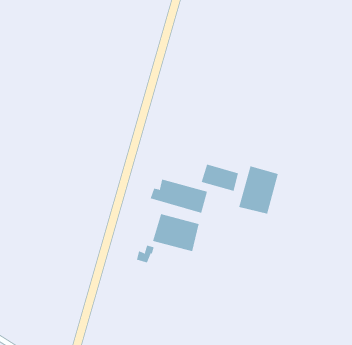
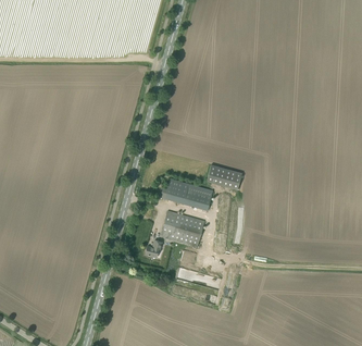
building: [239,166,278,214] -> none

